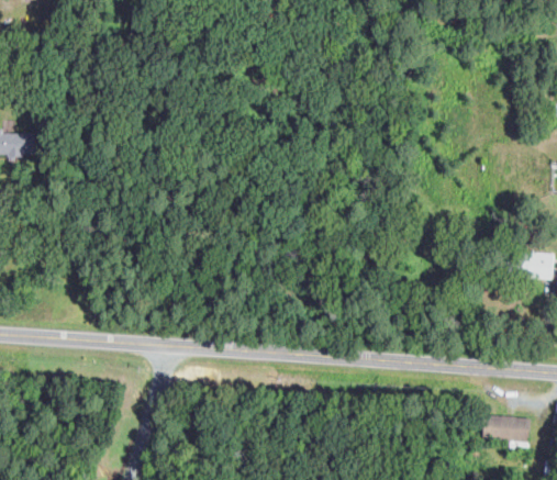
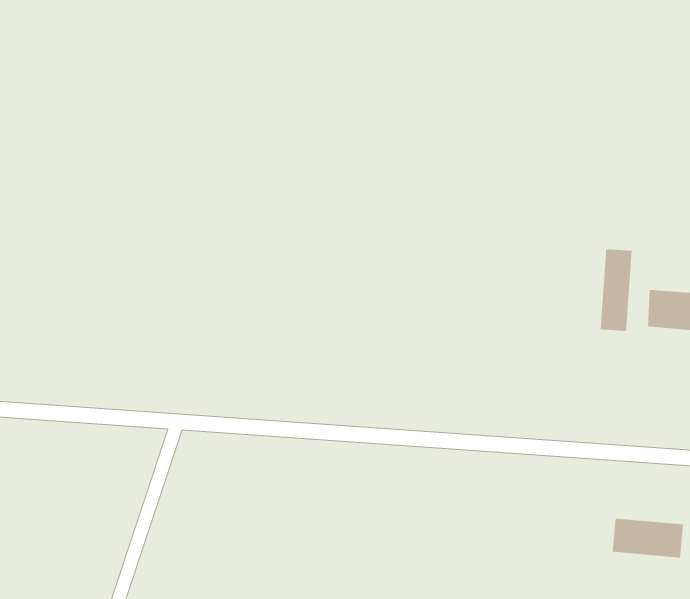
building: none -> [600,248,632,332]

